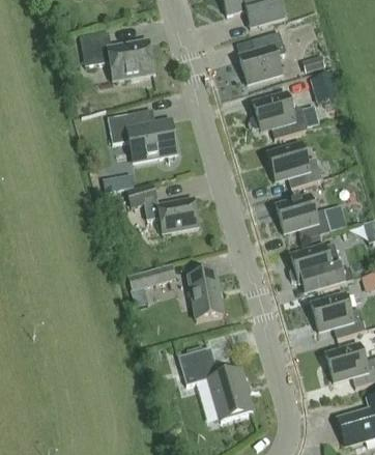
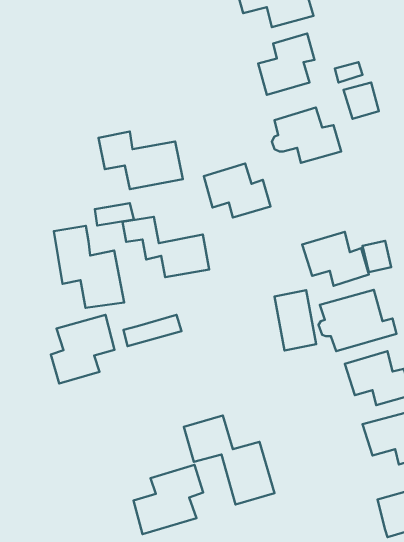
building: [80,31,154,79] -> none
building: [267,143,322,188] -> [204,164,270,218]
building: none -> [54,226,124,308]
building: none -> [51,315,115,383]
building: [189,269,223,319] -> [275,290,316,350]
building: none -> [134,465,203,534]

